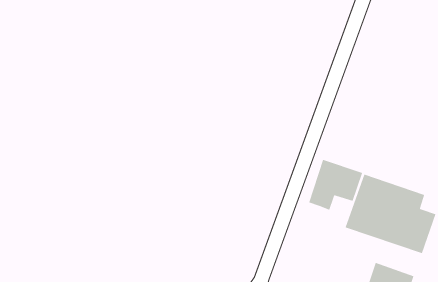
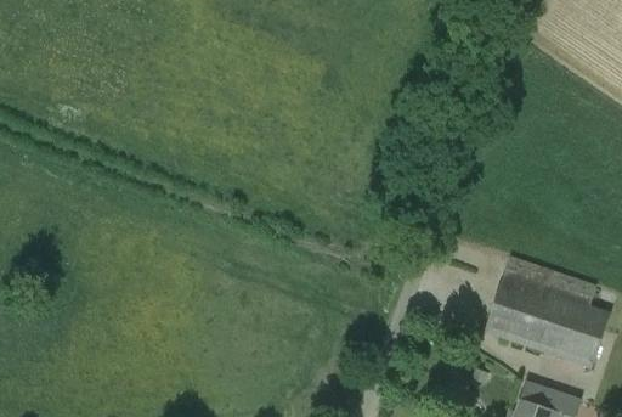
building: [308,159,363,211] -> none

